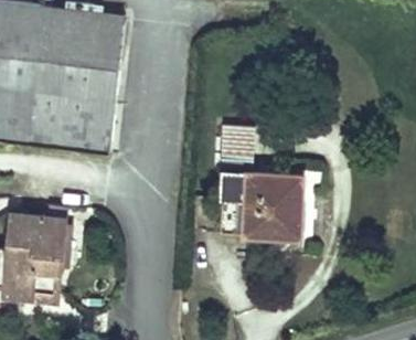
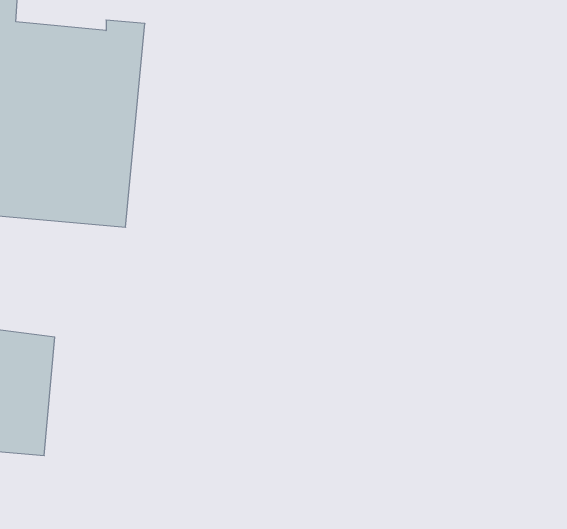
building: [212,121,305,231] -> none

